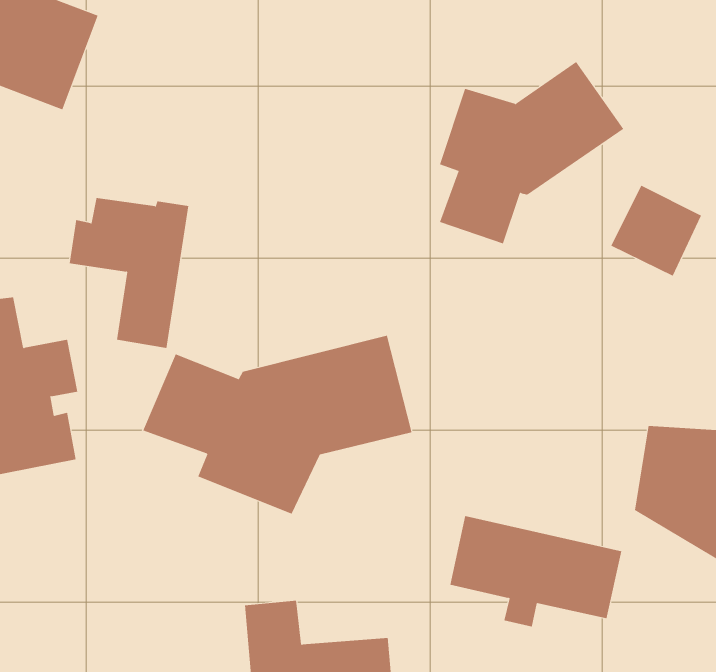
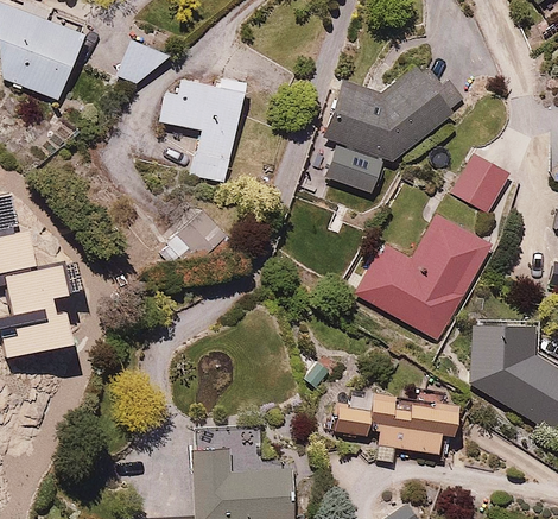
building: none -> [115,34,171,87]
building: [69,198,189,348] -> [157,77,241,183]
building: none -> [354,217,488,338]
building: [142,335,412,515] -> none

